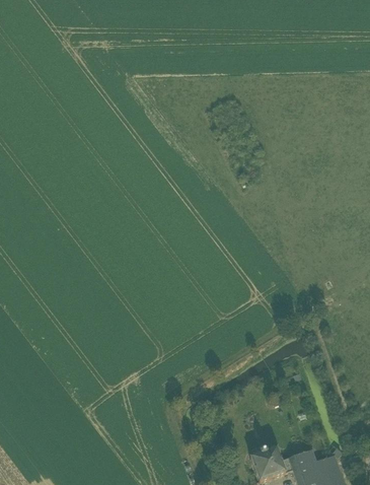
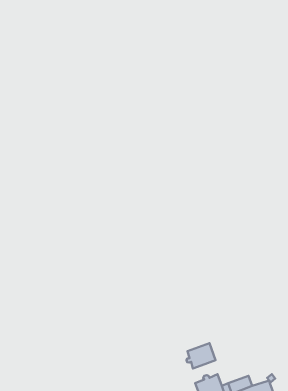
building: none -> [187,343,216,368]

